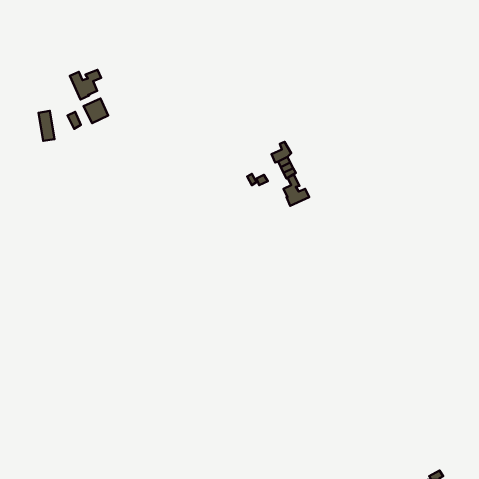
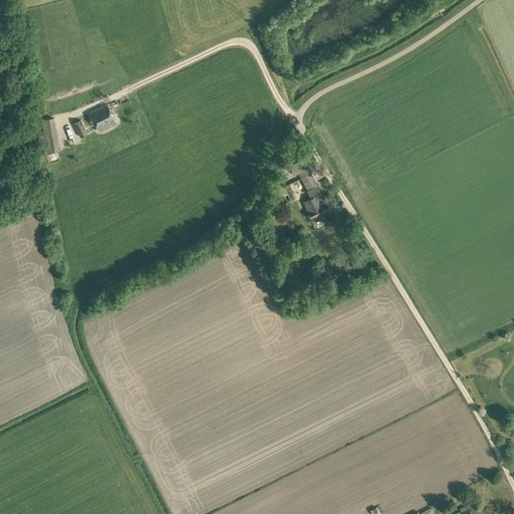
building: [70,70,101,99] -> none

